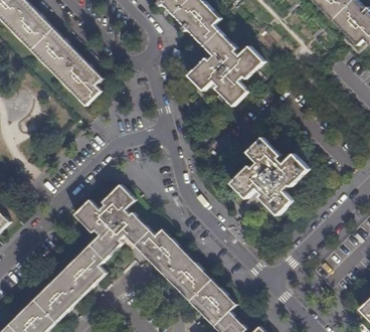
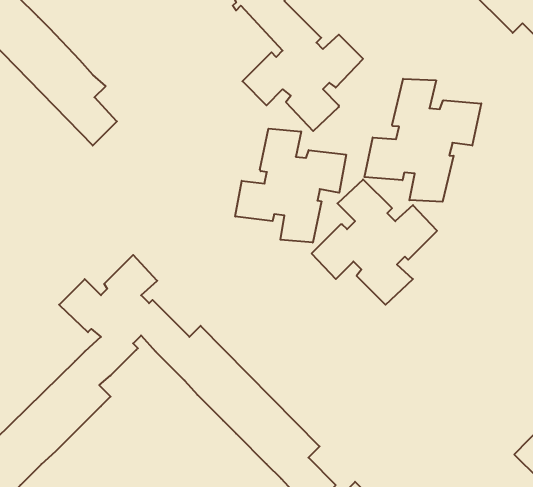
building: none -> [364,79,481,202]
building: none -> [235,129,346,243]

